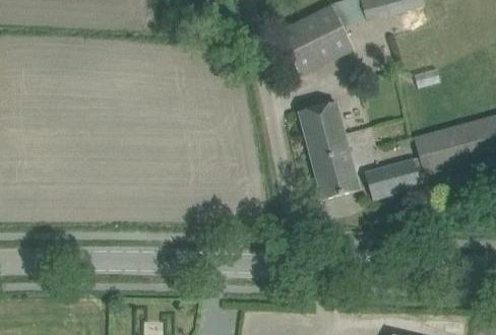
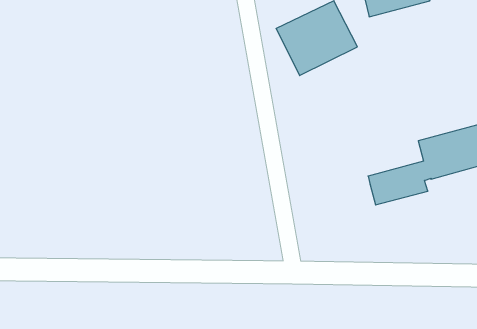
building: [300,102,360,199] -> none

